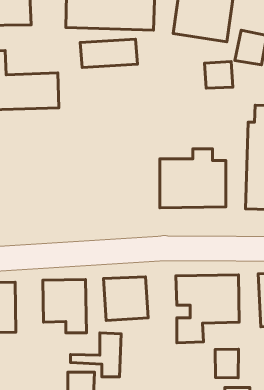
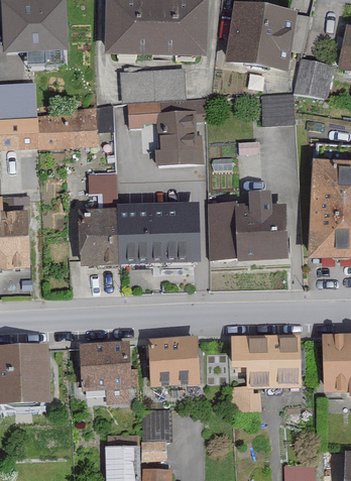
building: none -> [129,104,202,162]
building: none -> [78,173,197,268]
building: [215,349,238,378] -> none

